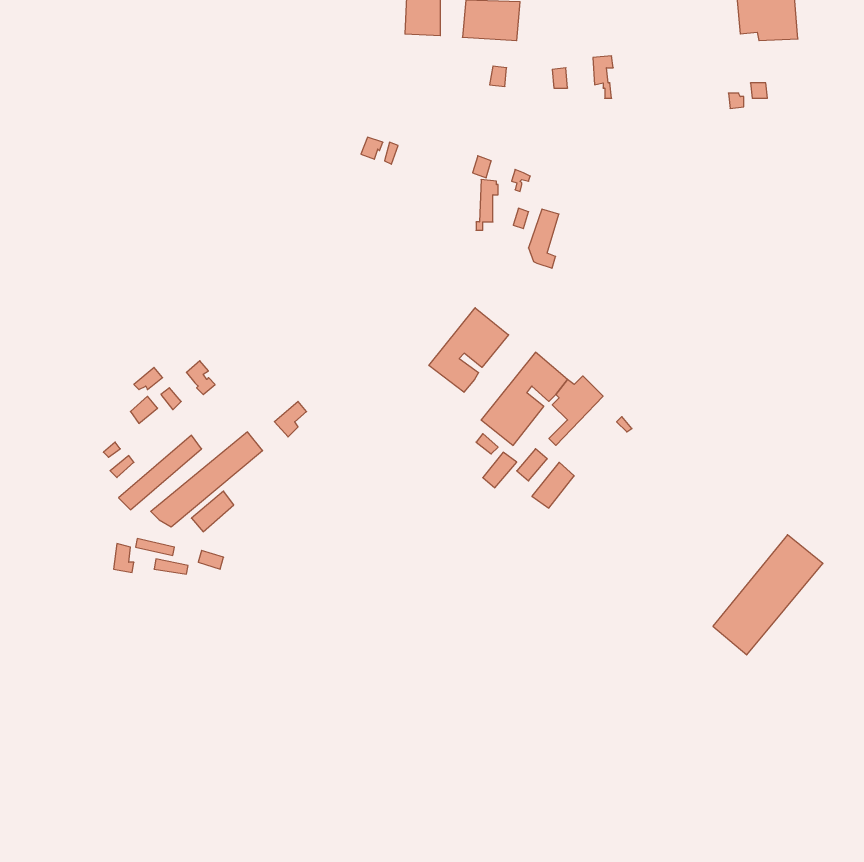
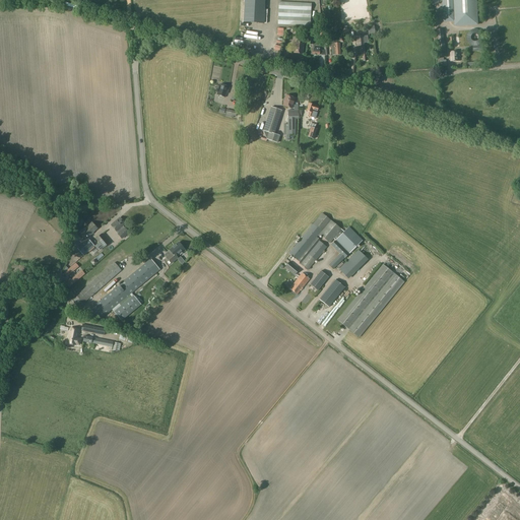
building: [528,209,559,268] -> [264,106,282,141]
building: [429,308,509,392] -> none
building: none -> [339,248,370,277]
building: [713,535,823,655] -> [339,263,405,335]

